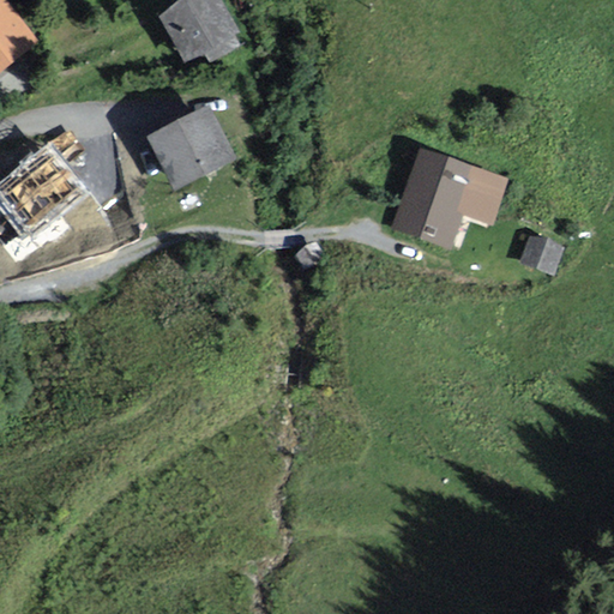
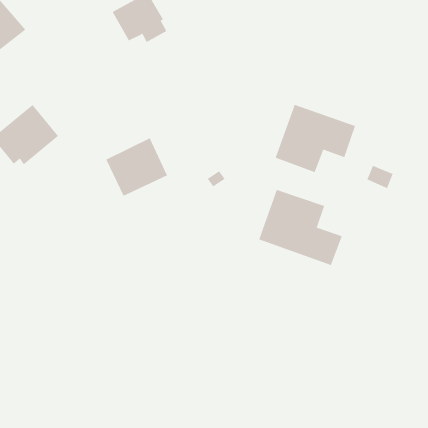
building: [146,102,235,186] -> [106,138,168,196]
building: none -> [259,189,342,266]

